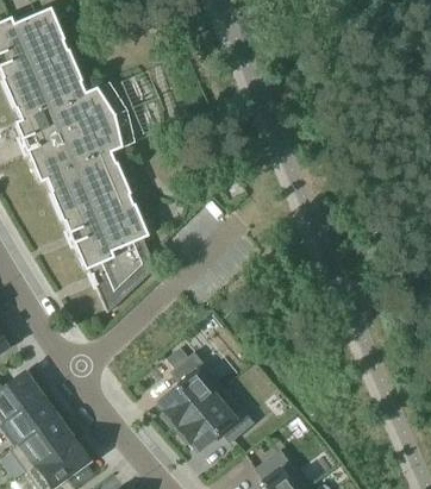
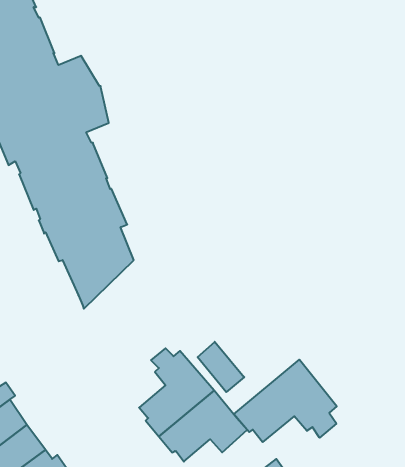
building: none -> [198,342,244,392]
building: none -> [234,360,337,442]

